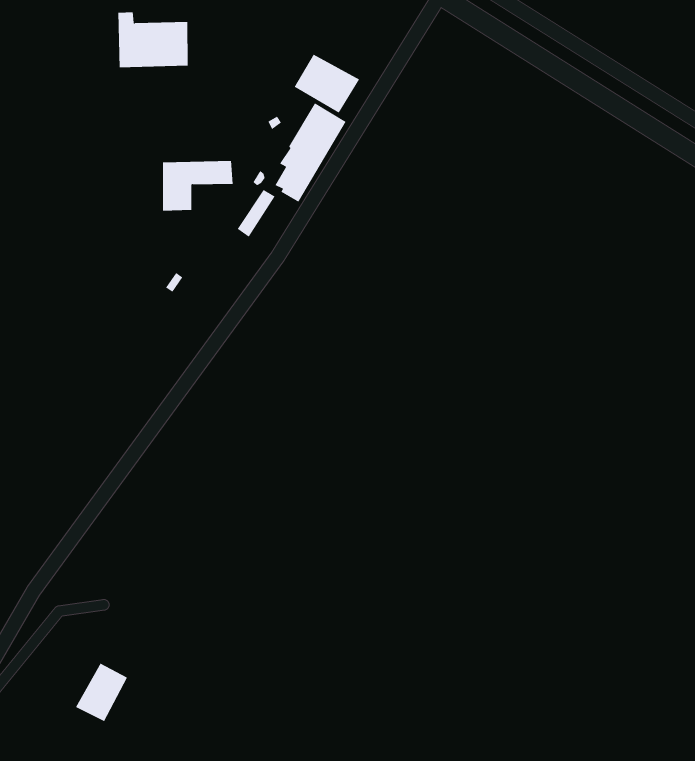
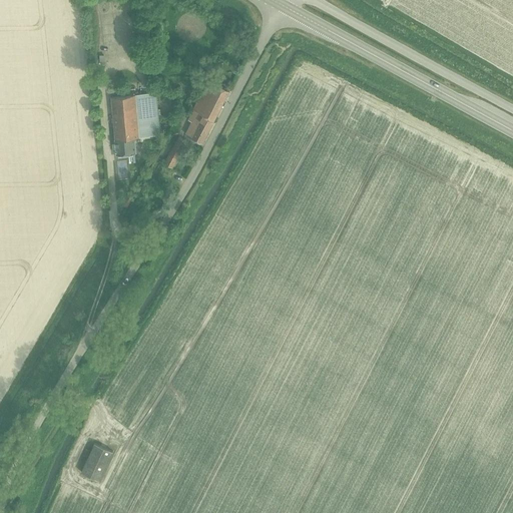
building: [118,12,189,68] -> [110,90,157,126]
building: [294,54,360,114] -> none

